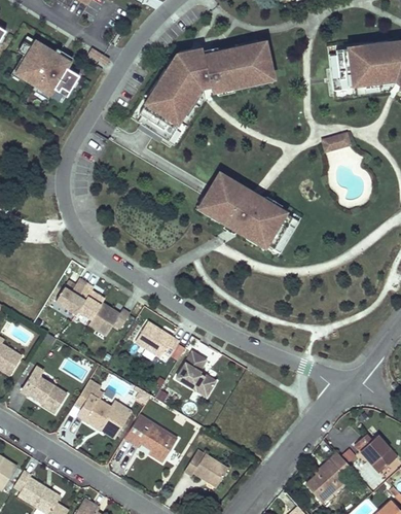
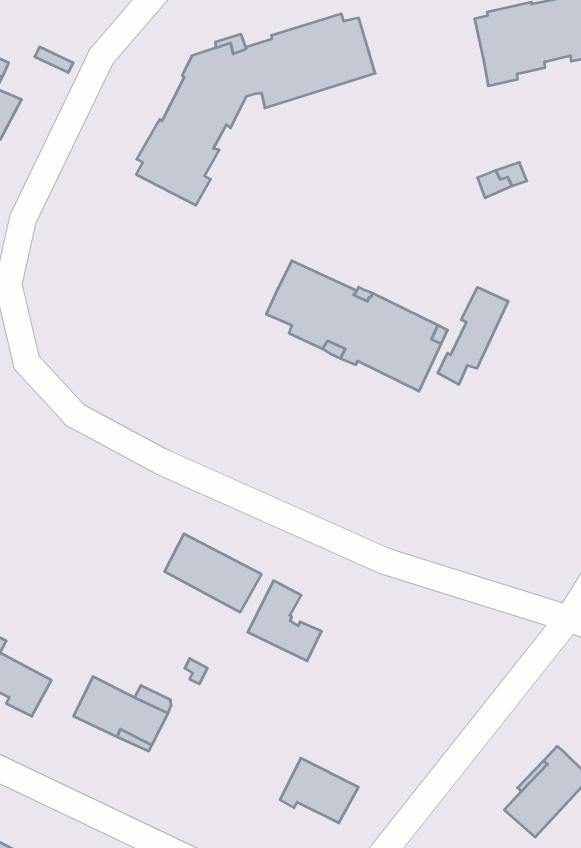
building: none -> [438,287,508,384]
building: [52,278,130,334] -> none
building: [125,413,178,459] -> none

